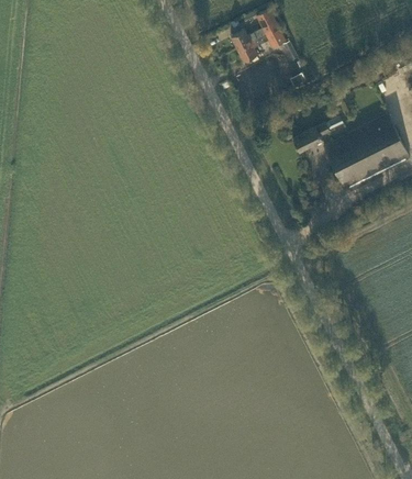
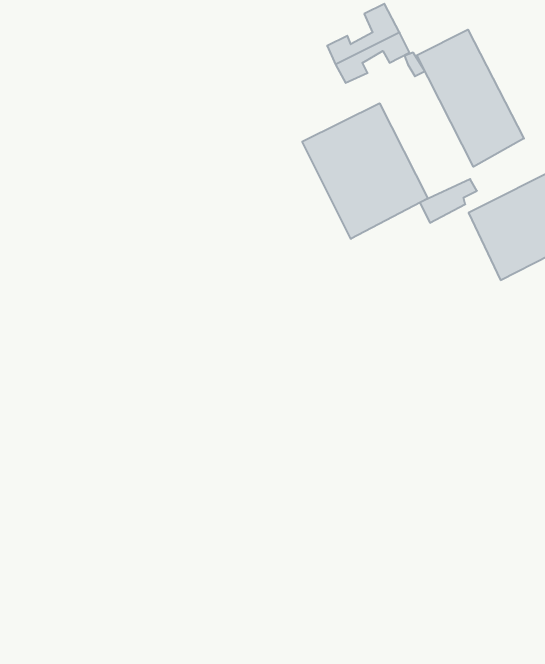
building: none -> [417,30,524,167]
building: none -> [302,103,428,239]

